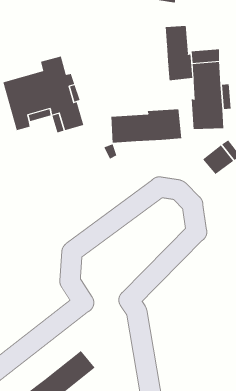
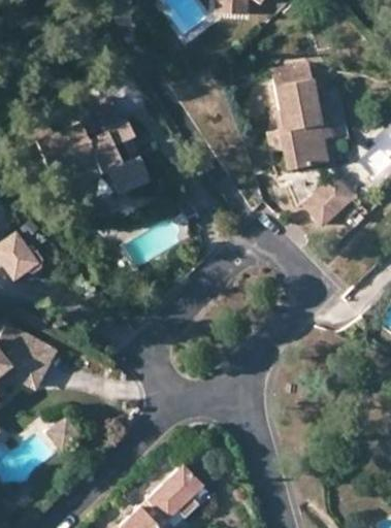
building: [165,25,193,81] -> none
building: [111,109,182,144] -> none

